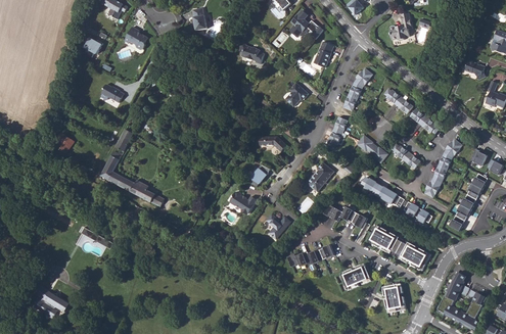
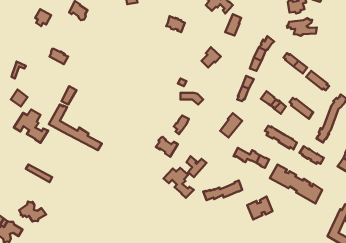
building: none -> [287,18,317,36]
building: none -> [14,110,48,143]
building: none -> [163,168,194,198]
building: none -> [19,202,46,221]
building: [382,283,406,312] -> none

